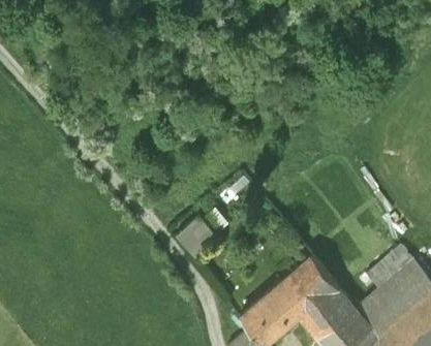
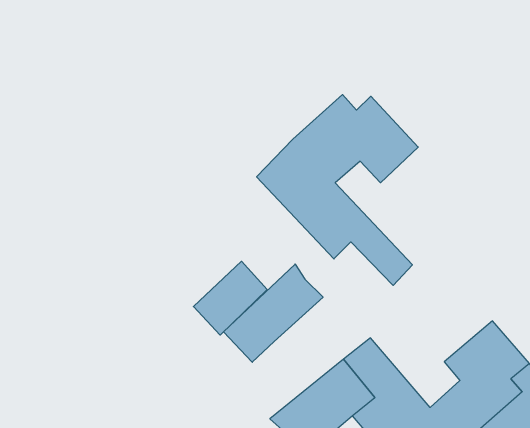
building: none -> [257,95,418,285]
building: none -> [224,264,323,362]

